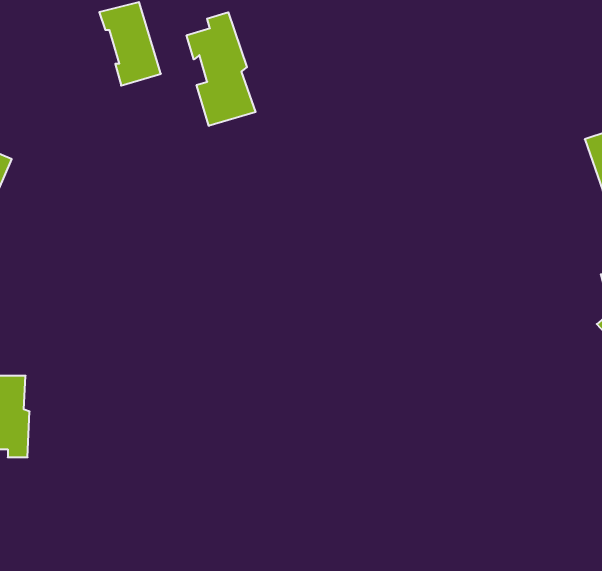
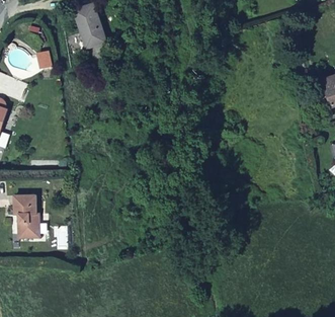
building: [187,12,256,126] -> none

